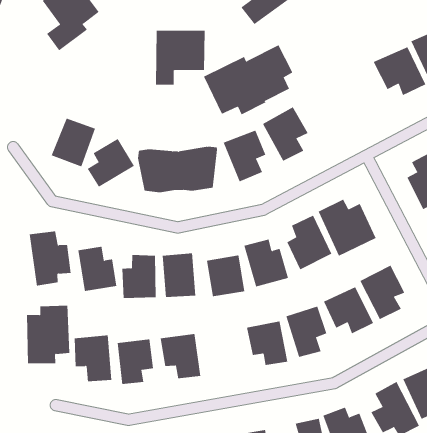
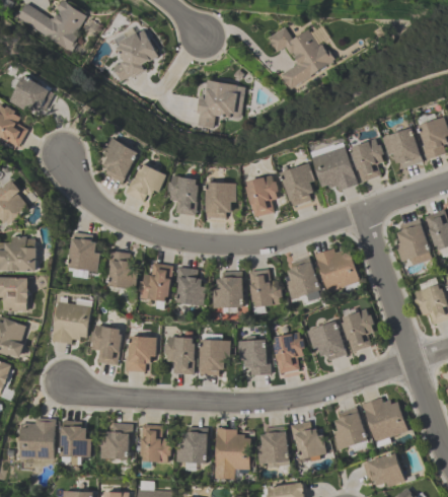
building: [203,45,293,115] -> [309,137,385,191]
building: none -> [199,341,227,376]

